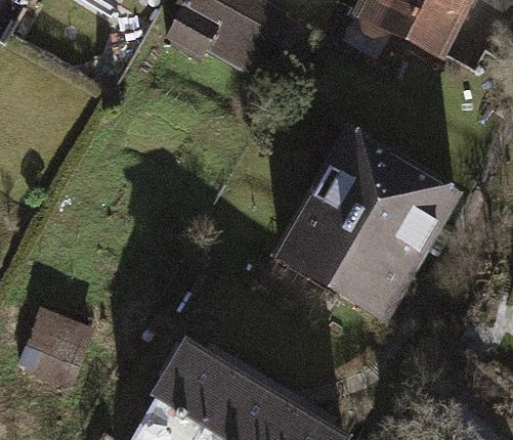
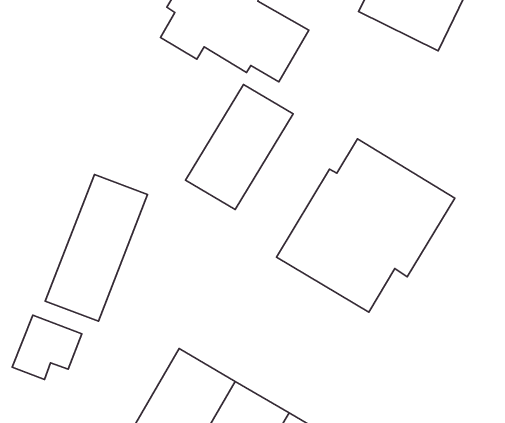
building: none -> [185,84,293,210]
building: none -> [45,175,148,321]

